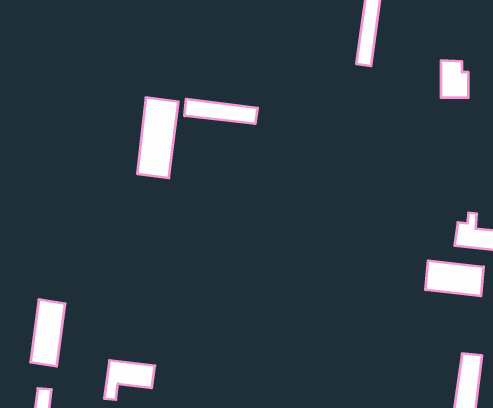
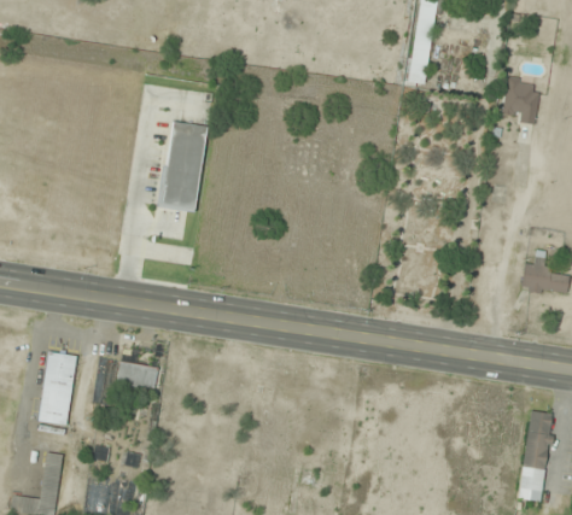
building: [185,99,258,124] -> none
building: [426,261,484,296] -> none
building: [104,360,155,400] -> [100,359,158,404]

